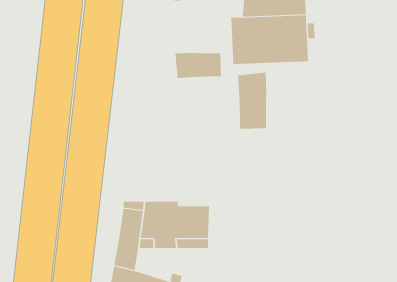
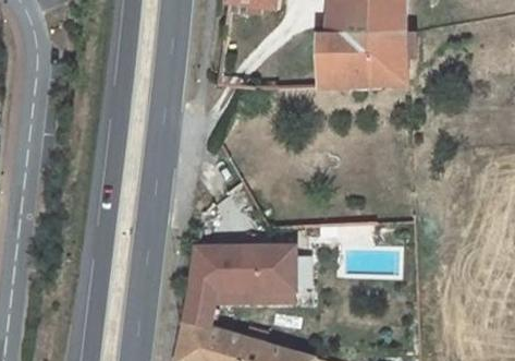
building: [175,52,221,79] -> none
building: [238,72,267,129] -> none

